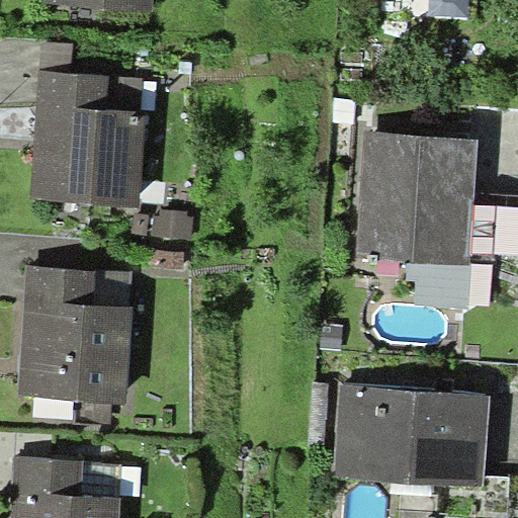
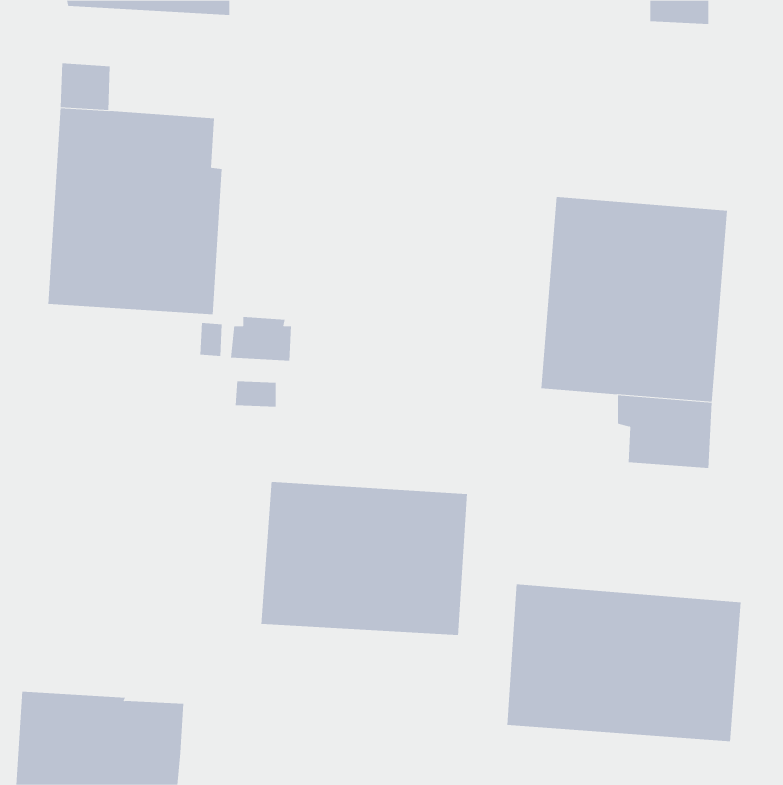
building: [18,265,133,403] -> none
building: none -> [261,481,467,636]

